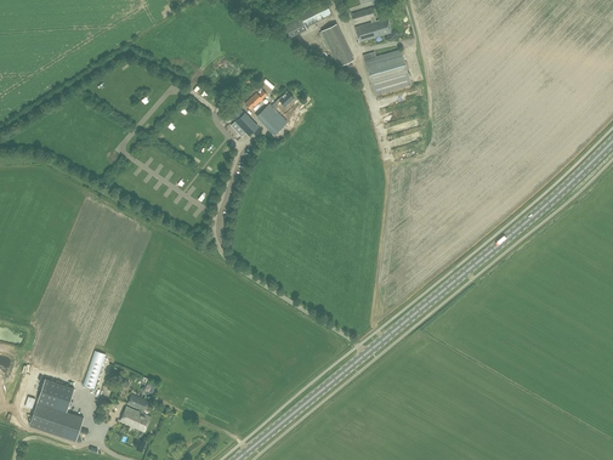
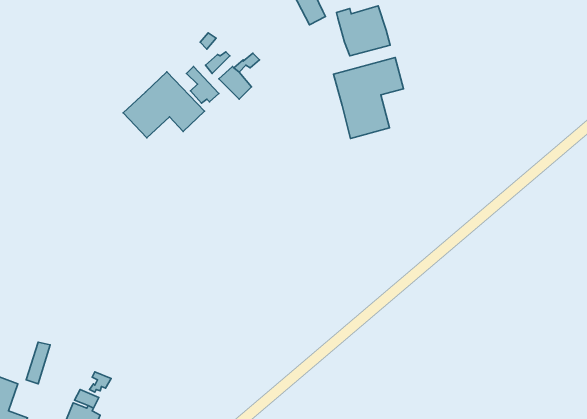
building: none -> [333,57,404,139]
building: none -> [123,72,204,138]

